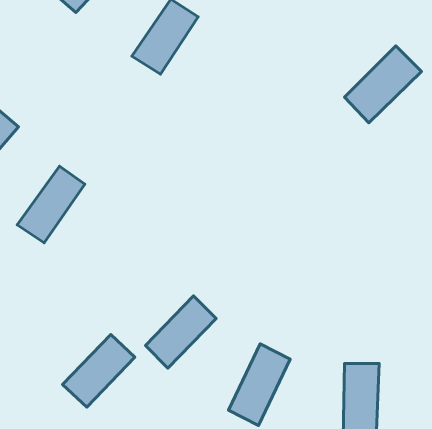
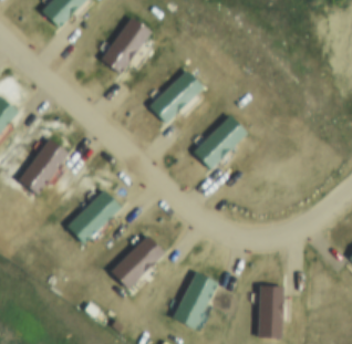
building: [345,46,422,123] -> [194,113,250,169]
building: none -> [149,69,206,124]
building: [63,335,135,407] -> [66,192,120,246]

